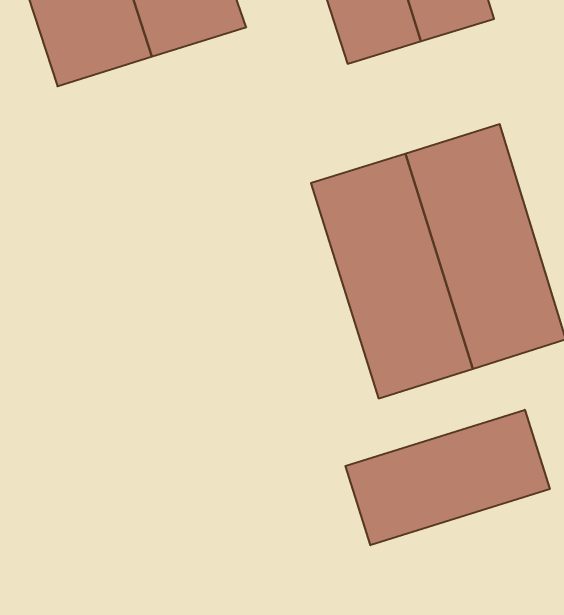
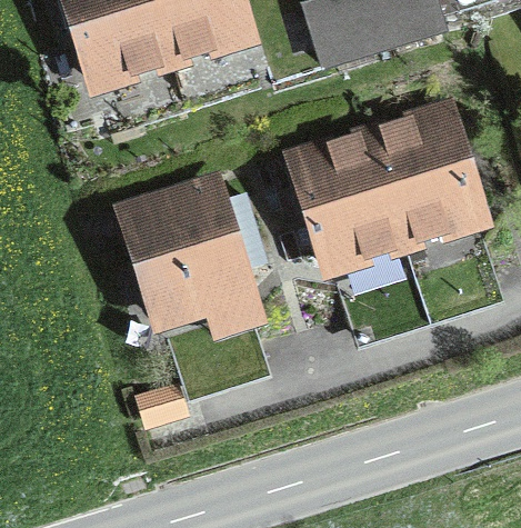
building: none -> [121,177,259,372]
building: [345,410,550,545] -> none

